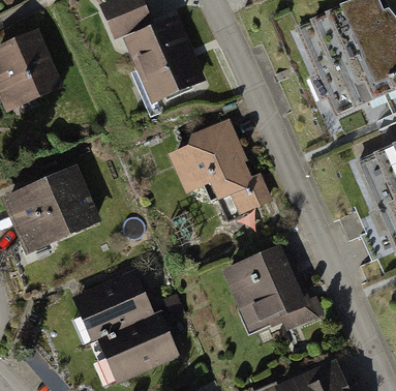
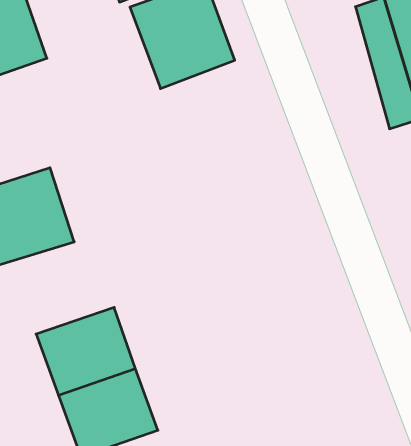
building: [170,121,272,211] -> none
building: [226,246,307,329] -> none

